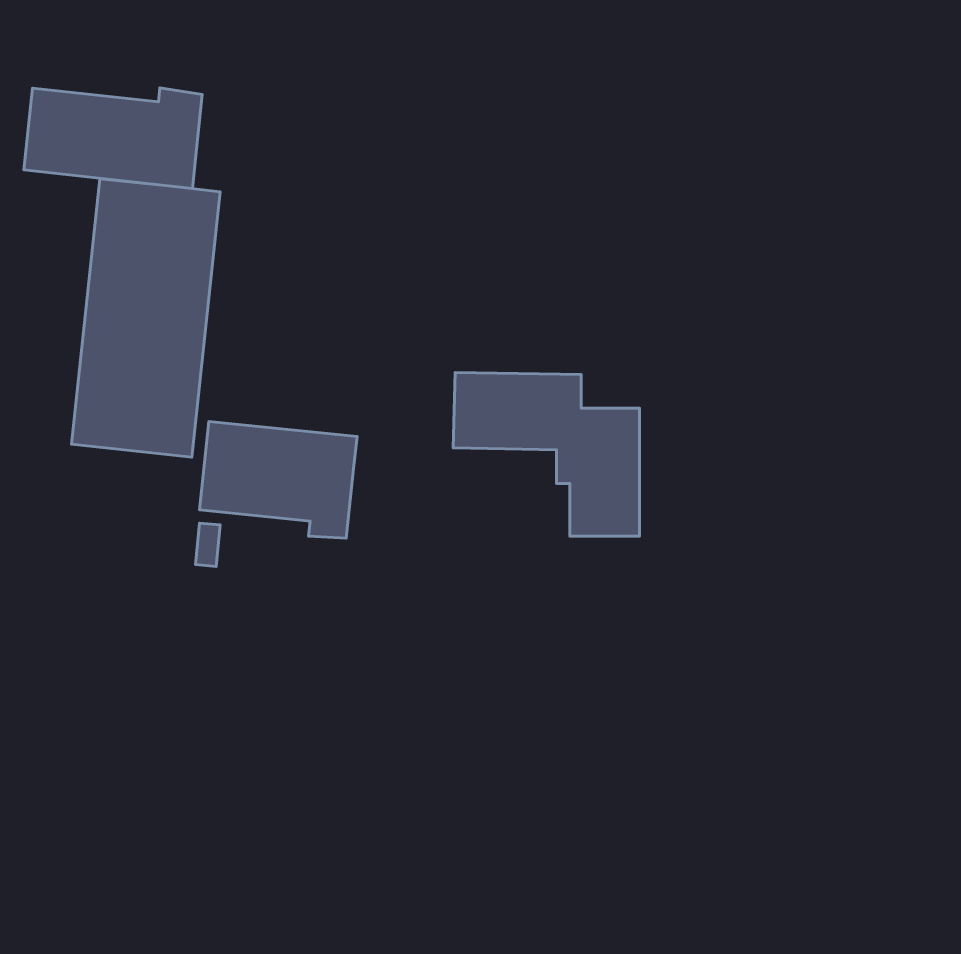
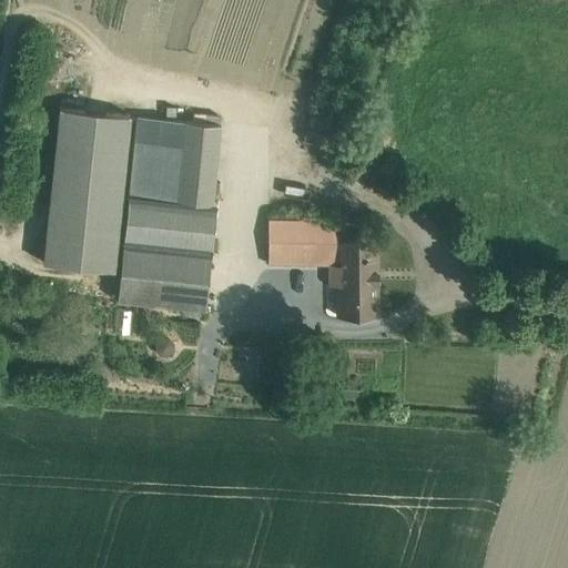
building: [24,88,202,189] -> none
building: none -> [123,121,222,262]

